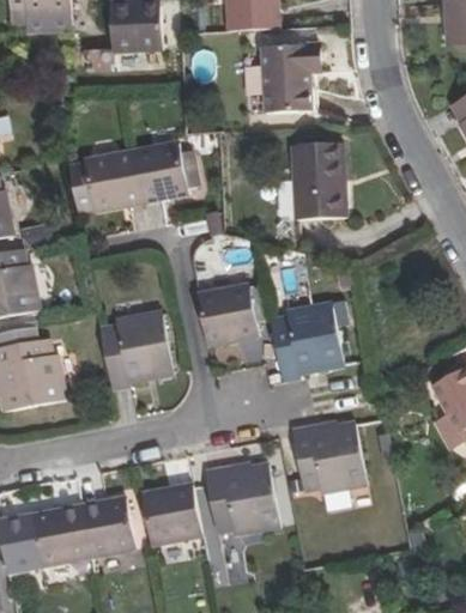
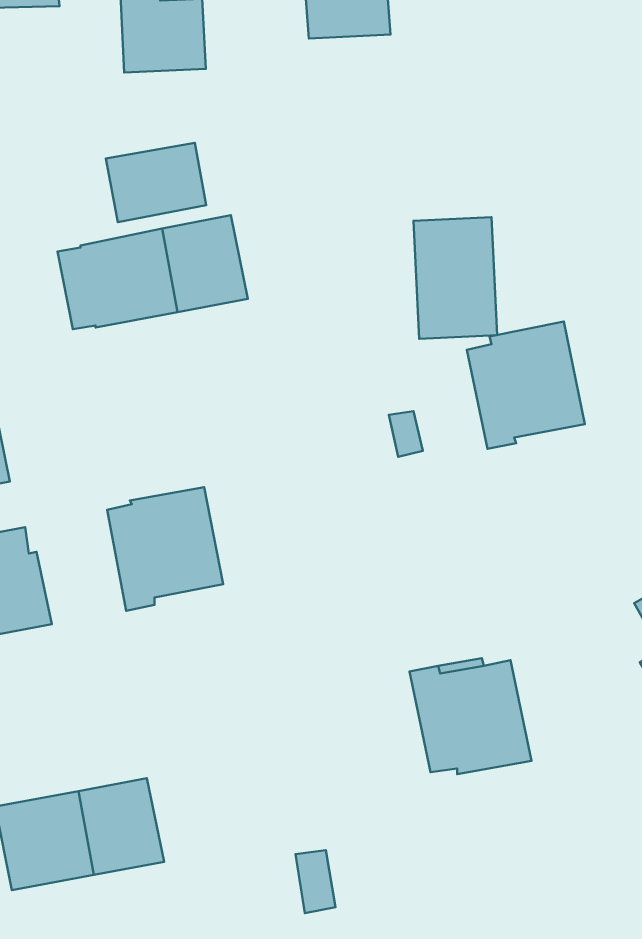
building: [262,45,323,114] -> none
building: none -> [106,143,206,222]
building: [199,286,260,346] -> none
building: [271,302,345,382] -> [467,321,585,449]
building: [206,463,280,534] -> none
building: [141,484,202,546] -> none

